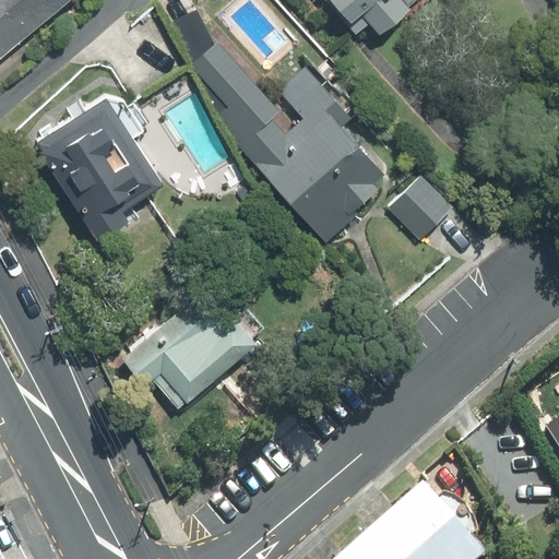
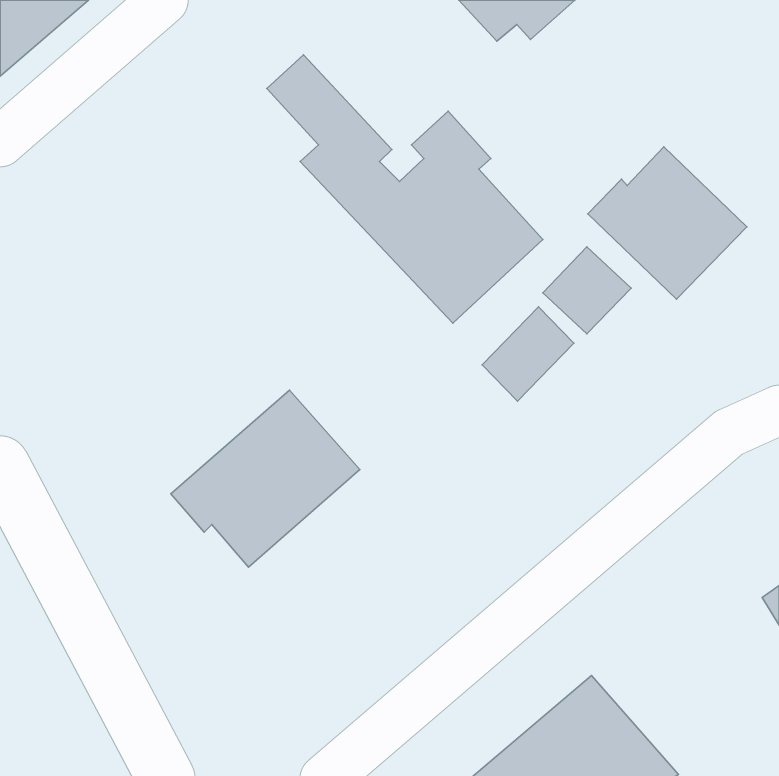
building: [36,96,164,236] -> none
building: none -> [588,147,747,299]
building: none -> [482,307,574,401]

